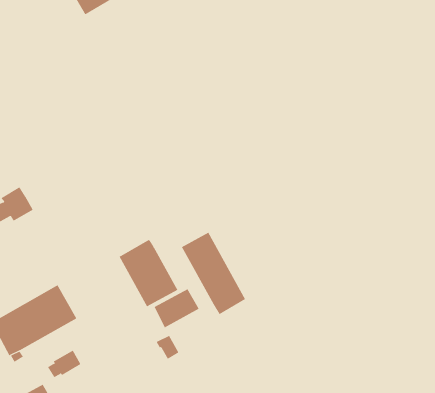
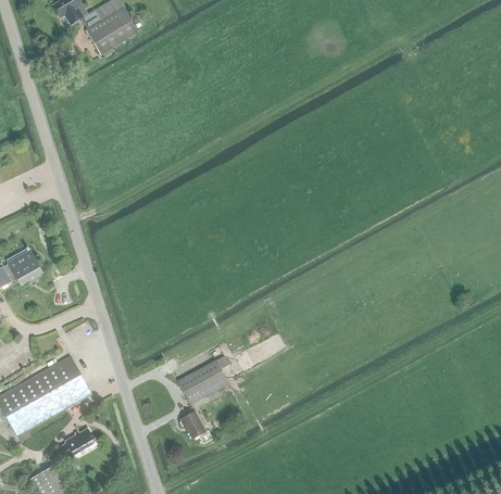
building: [181,232,246,315] -> none
building: [119,239,178,307] -> none

